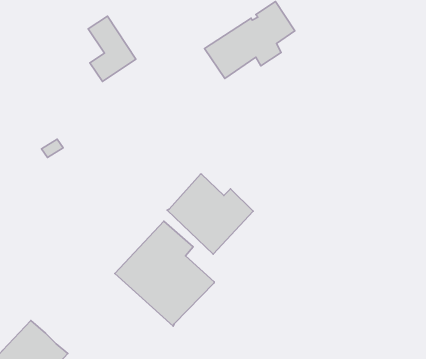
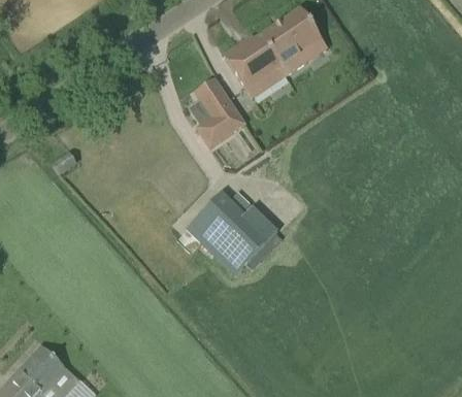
building: [88,16,136,81] -> [195,78,245,147]
building: [115,221,214,326] -> none

